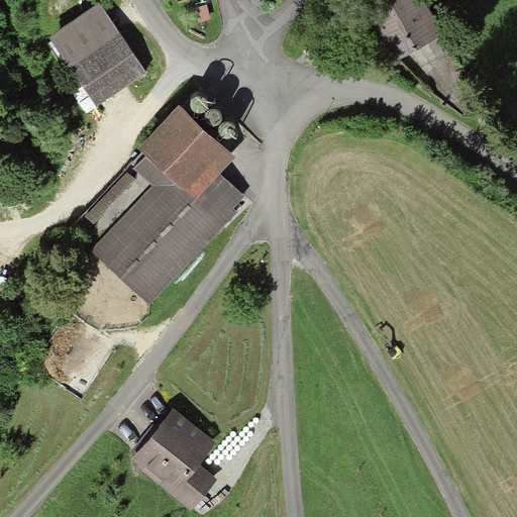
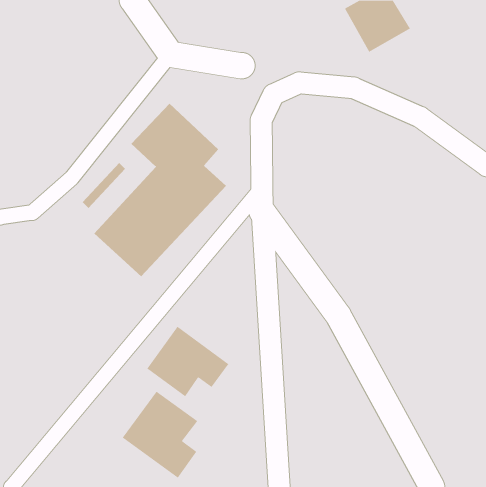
building: [56,6,145,102] -> none
building: none -> [146,326,229,397]

